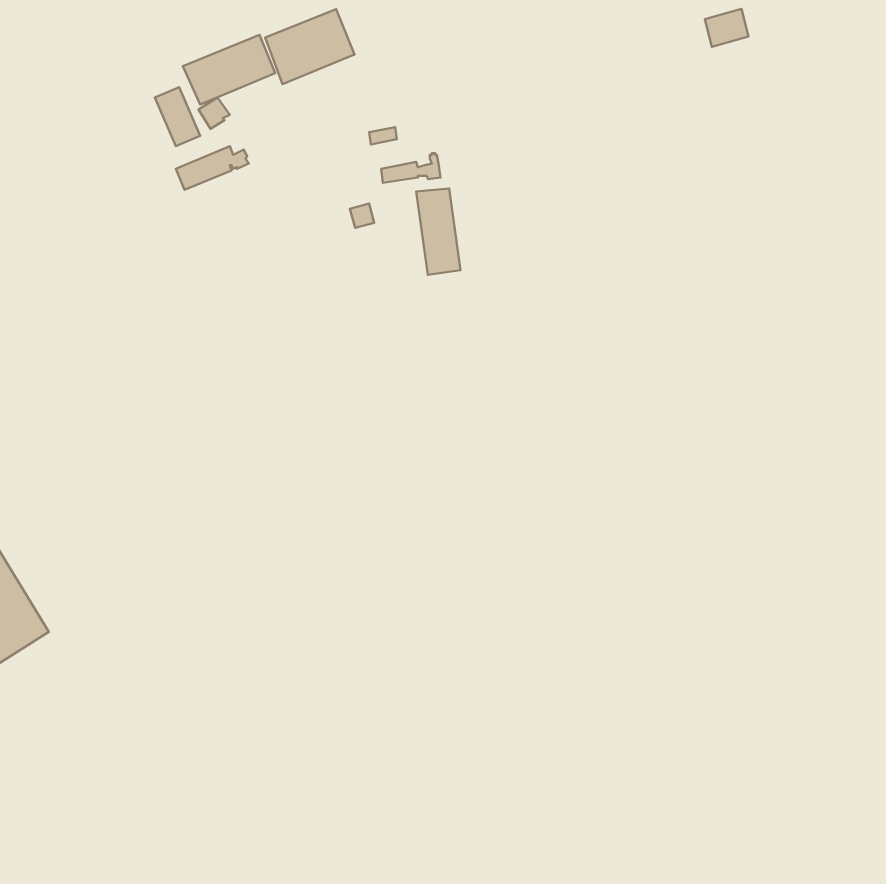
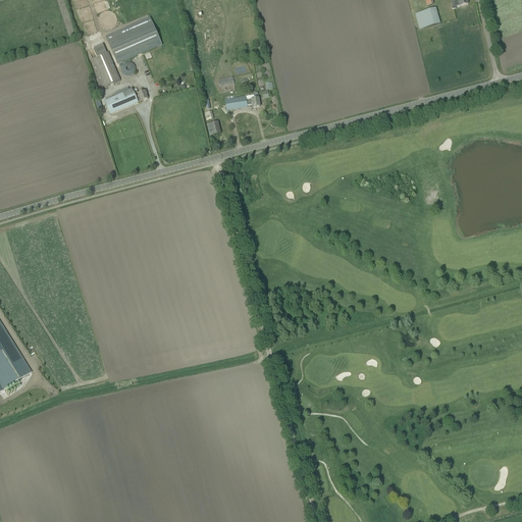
building: [265,9,355,84] -> none
building: [416,189,460,275] -> none

